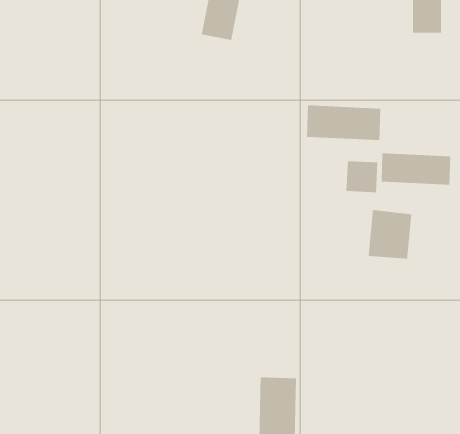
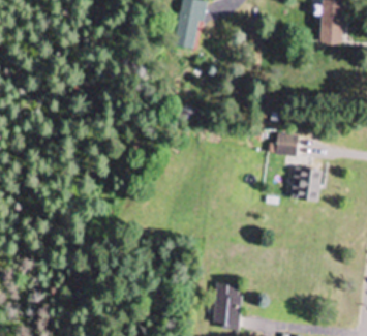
building: [306,105,381,141] -> none
building: [381,152,451,186] -> none

